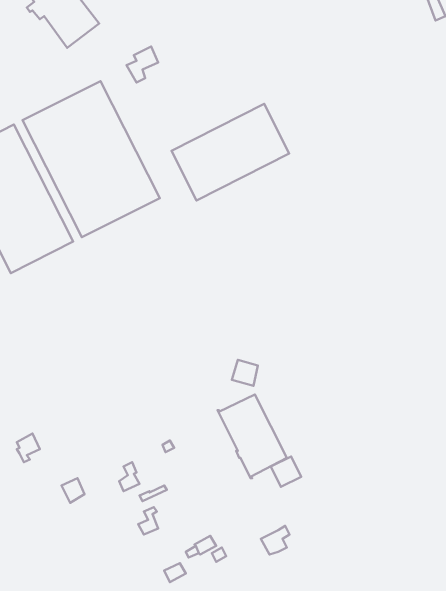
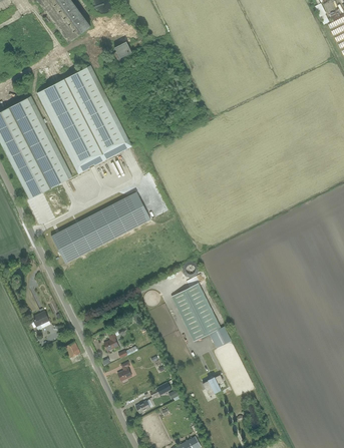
building: [171,104,289,201] -> none
building: none -> [51,191,150,263]

